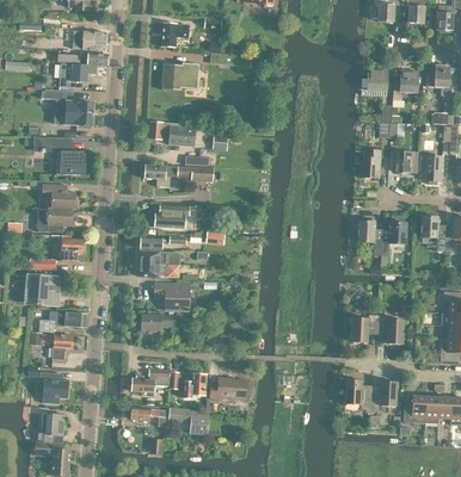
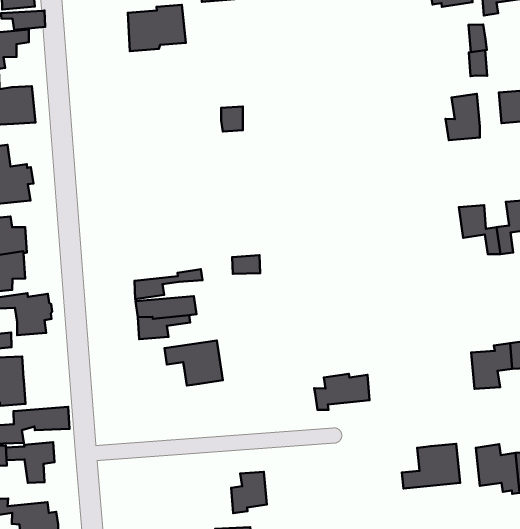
building: [148,120,196,145] -> none
building: [145,165,213,187] -> none
building: [153,204,189,228] -> none
building: [140,312,176,330] -> none
building: [131,370,170,391] -> none
building: none -> [402,444,460,489]
building: [210,377,246,398] -> [314,374,369,410]

